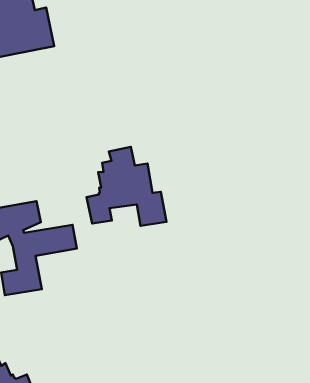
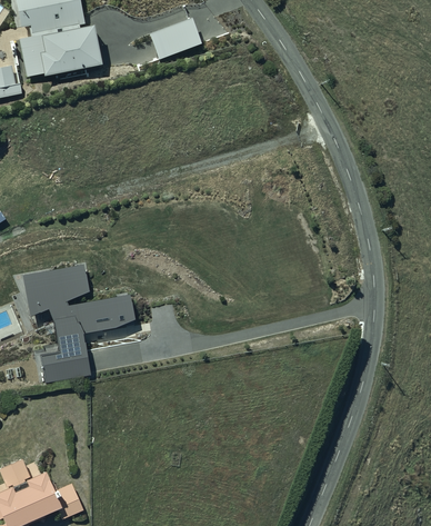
building: none -> [148,16,200,58]
building: [87,147,166,226] -> none

